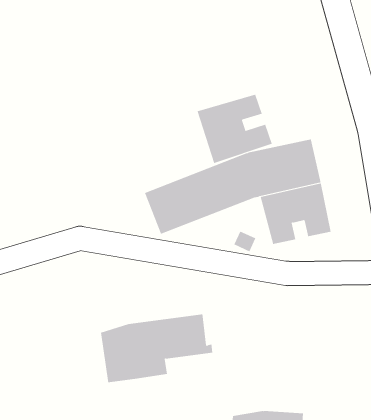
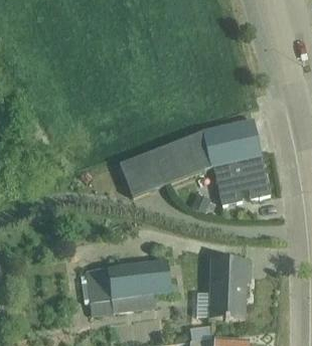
building: [197,94,273,164] -> none
building: none -> [196,258,251,320]

